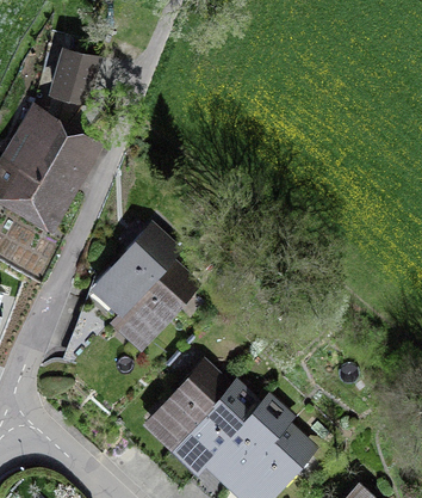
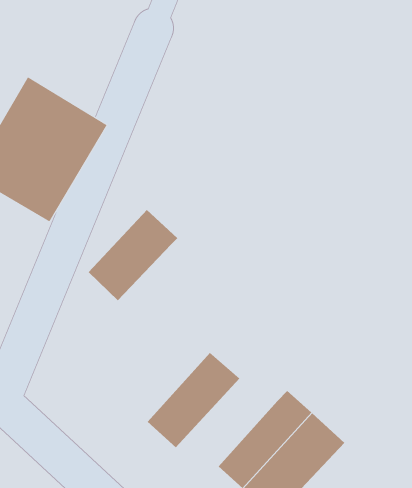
building: [50,45,103,104] -> none
building: [107,262,194,350] -> none
building: [168,377,260,473] -> none

